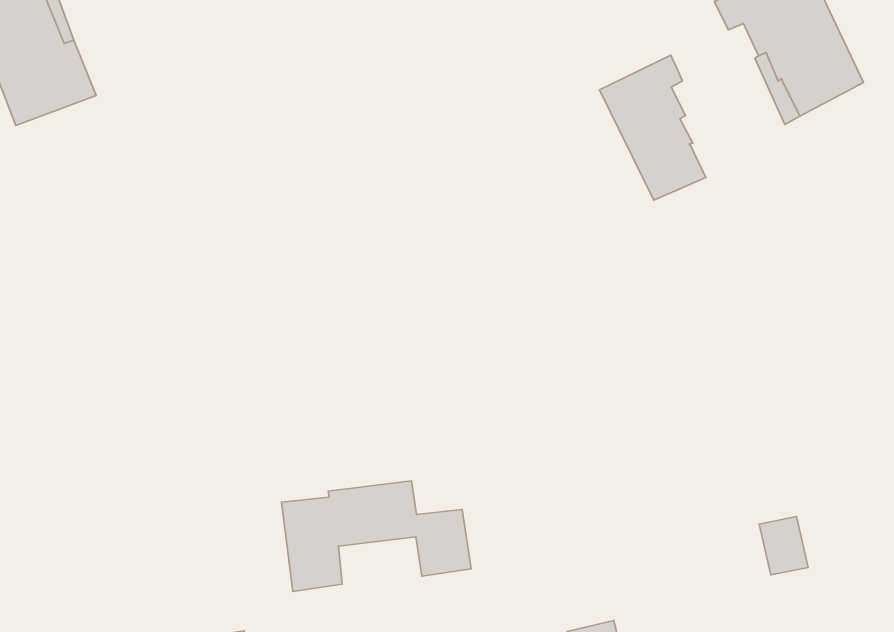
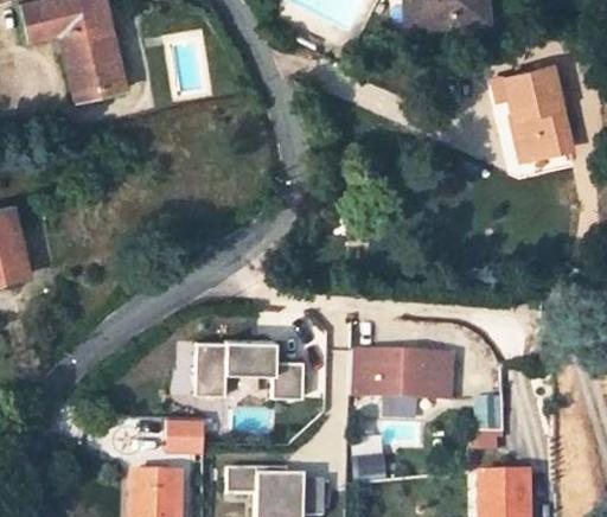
building: [599,55,706,200] -> none
building: none -> [352,350,453,400]

